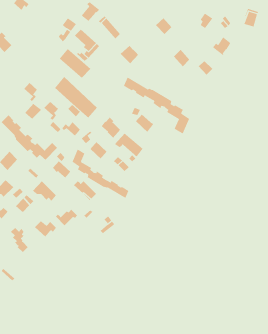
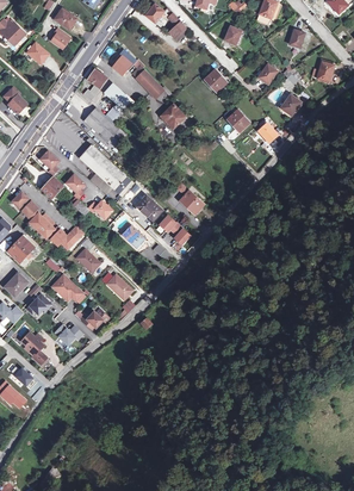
building: [123,77,190,134] -> none
building: [72,149,129,199] -> none

